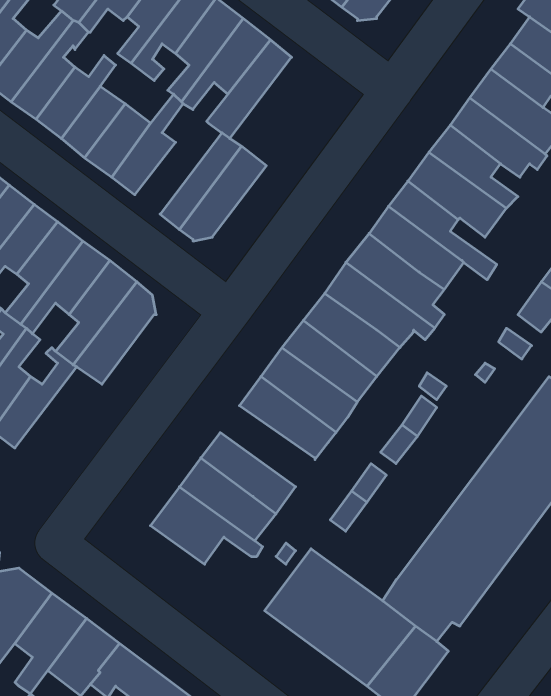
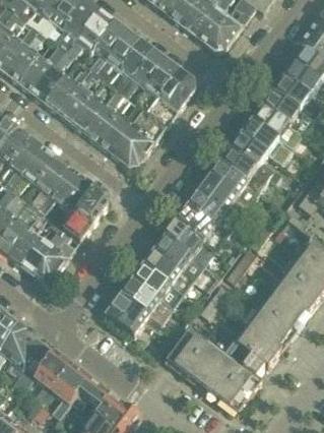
building: none -> [146,68,194,125]
building: none -> [96,103,142,150]
building: none -> [34,231,79,280]
building: none -> [141,251,191,294]

